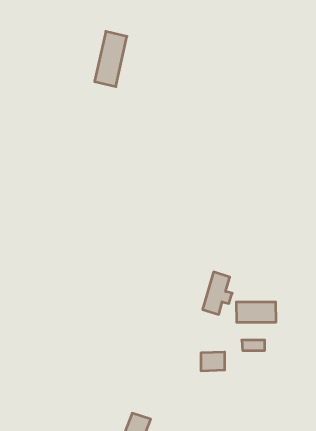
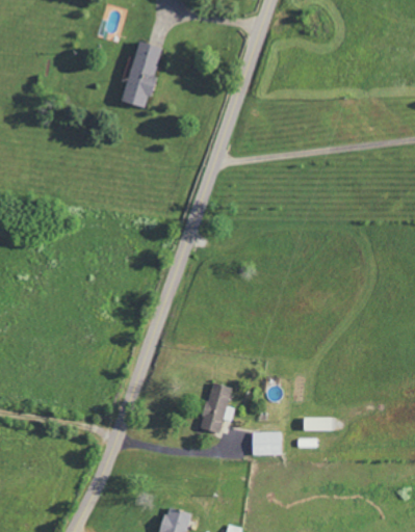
building: [203,272,232,314] -> [199,382,235,434]
building: [236,302,276,322] -> none

